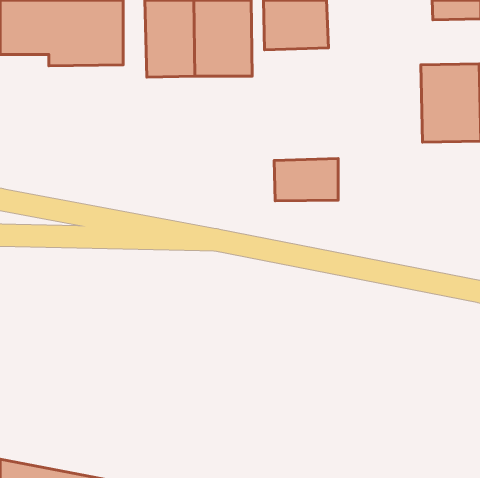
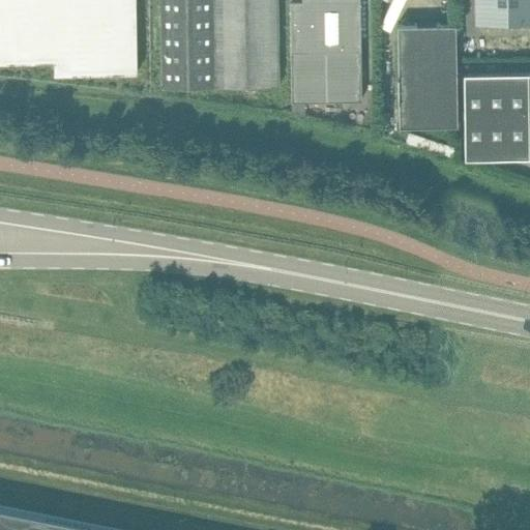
building: none -> [399,25,458,127]
building: [274,159,338,201] -> [292,56,362,102]

